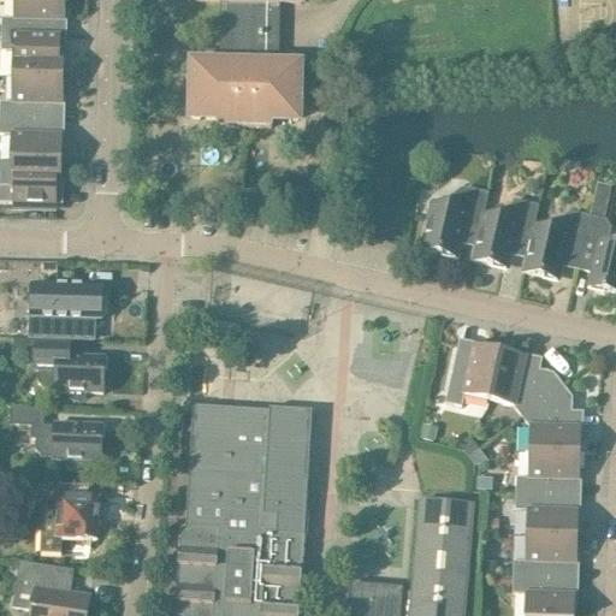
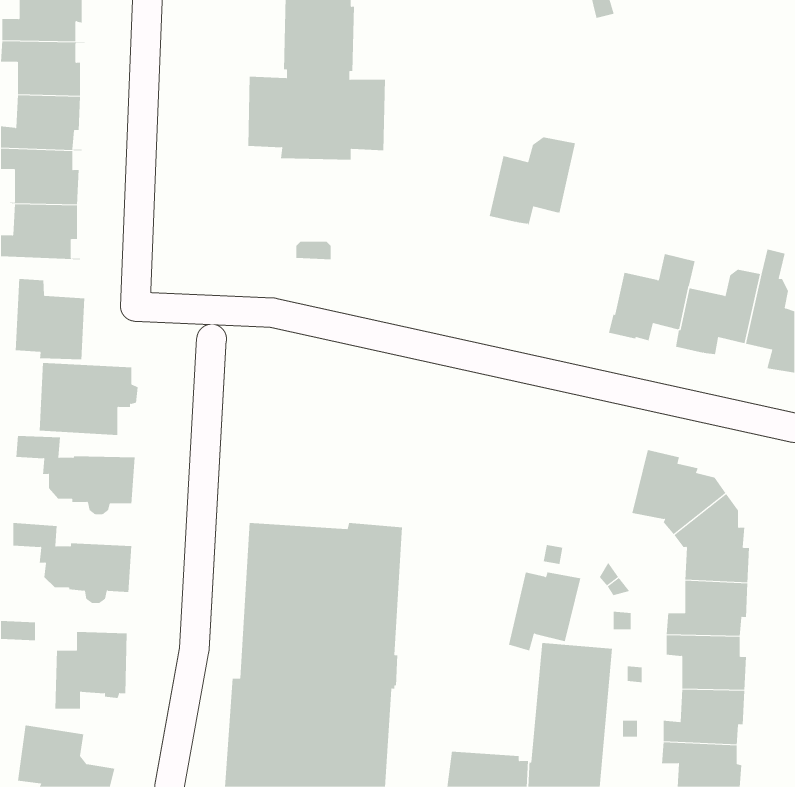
building: [420,184,487,253] -> [489,137,576,226]
building: none -> [15,278,85,360]
building: [444,343,500,404] -> [508,572,581,651]

